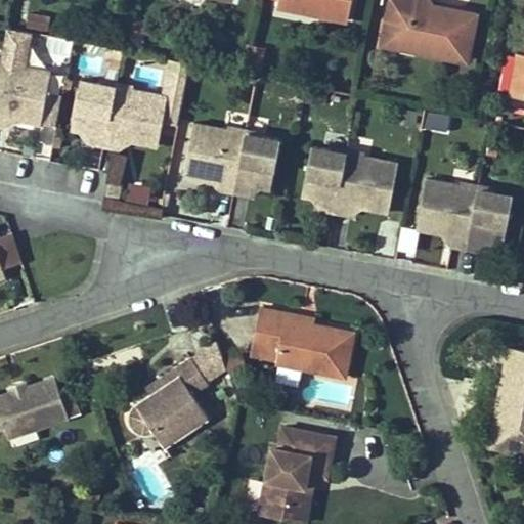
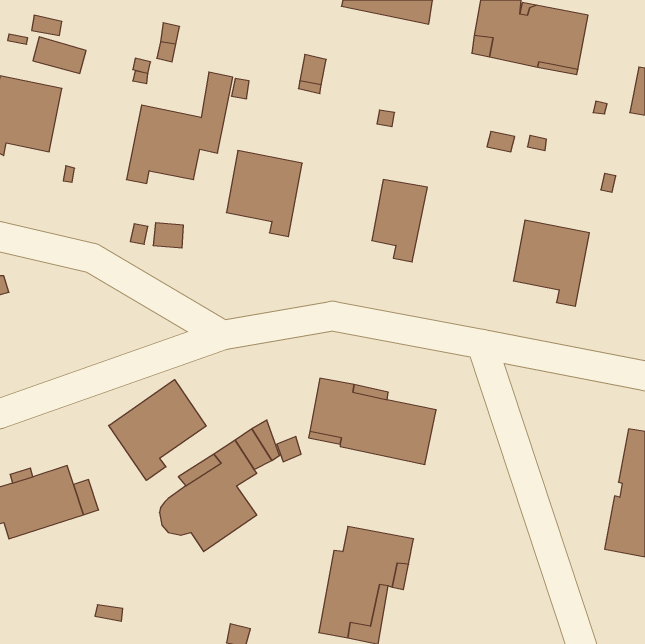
building: [71,81,115,147] -> none
building: [233,134,279,196] -> none
building: [334,154,397,217] -> none
building: [466,190,512,253] -> none
building: none -> [109,380,206,480]

